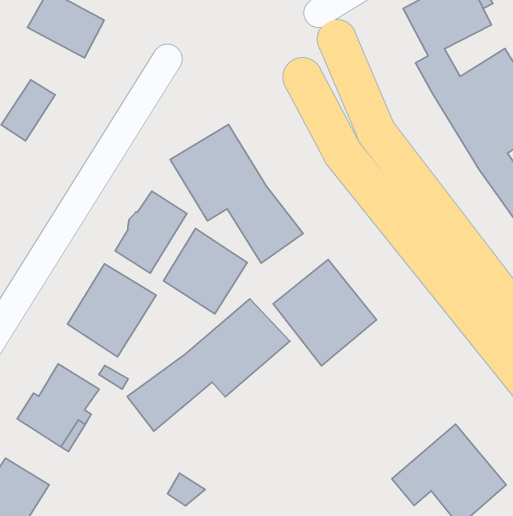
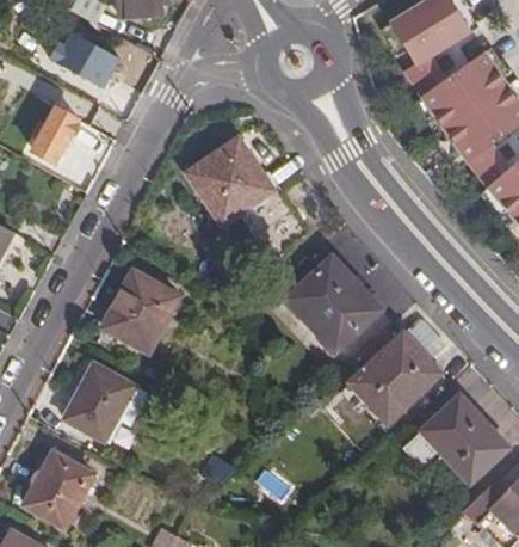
building: [115,191,187,273] -> none
building: [164,229,247,314] -> none
building: [127,299,290,431] -> none
building: none -> [346,322,439,420]

